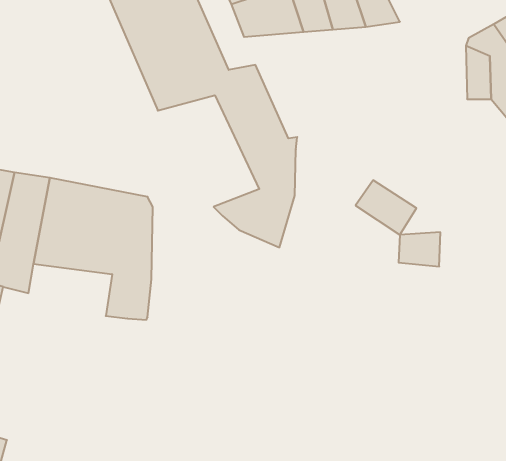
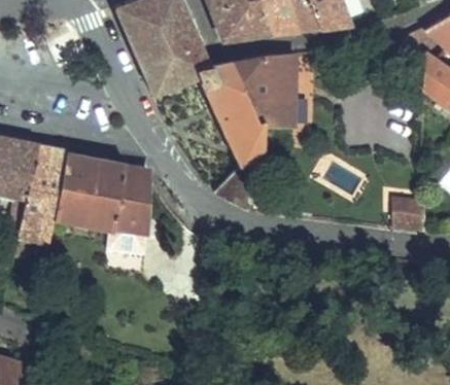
building: none -> [233,51,296,129]
building: [399,232,440,266] -> [391,202,425,230]

